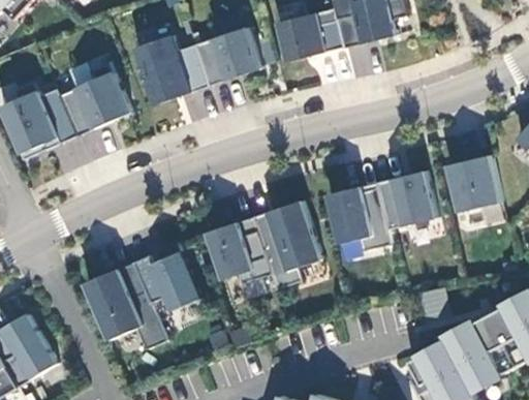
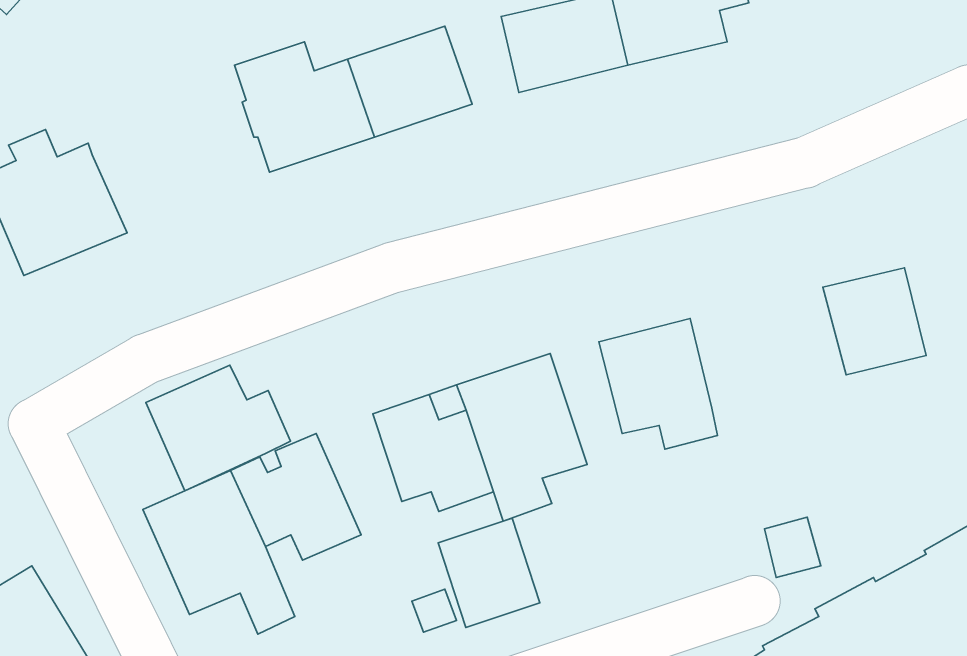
building: [58,62,128,136] -> none
building: [375,170,436,229] -> none
building: none -> [146,365,290,491]
building: none -> [438,518,540,627]

